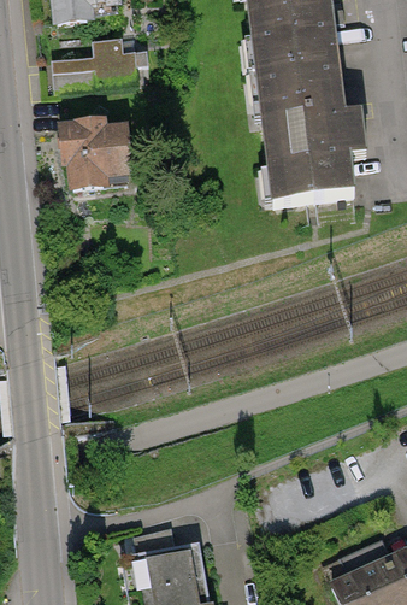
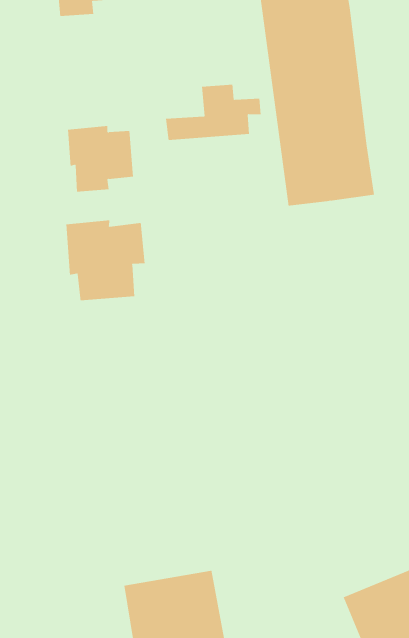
building: [59,35,149,88] -> [165,84,261,140]
building: none -> [66,219,145,301]

